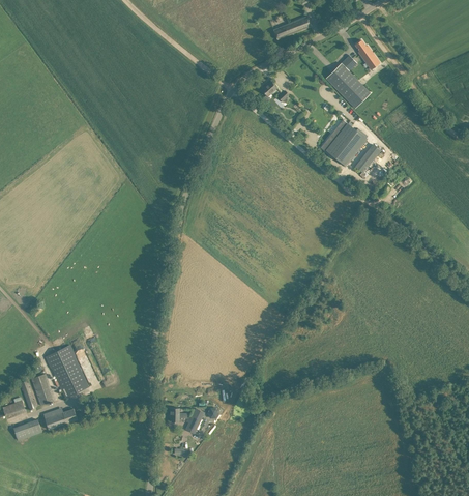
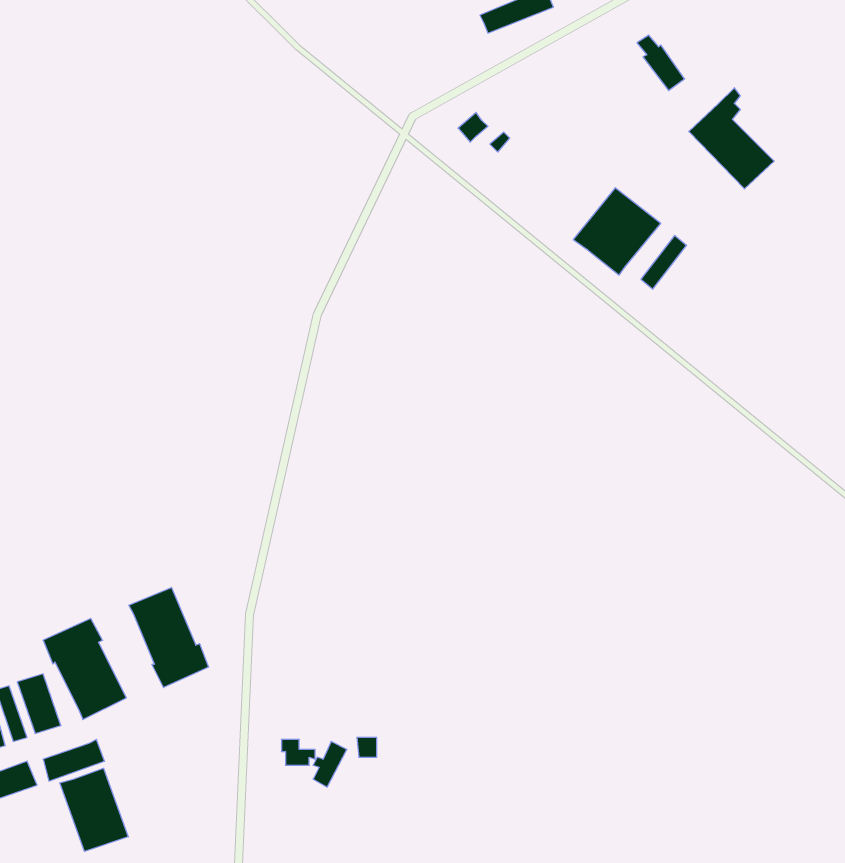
building: [325,54,370,107] -> [689,88,774,189]
building: none -> [129,587,209,688]
building: none -> [60,768,128,851]

